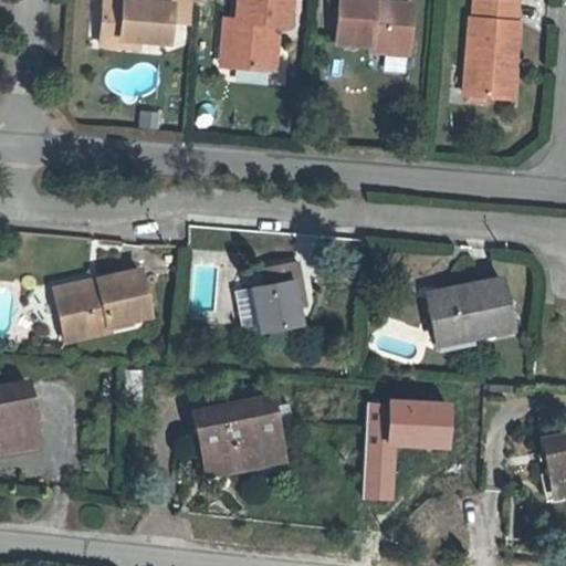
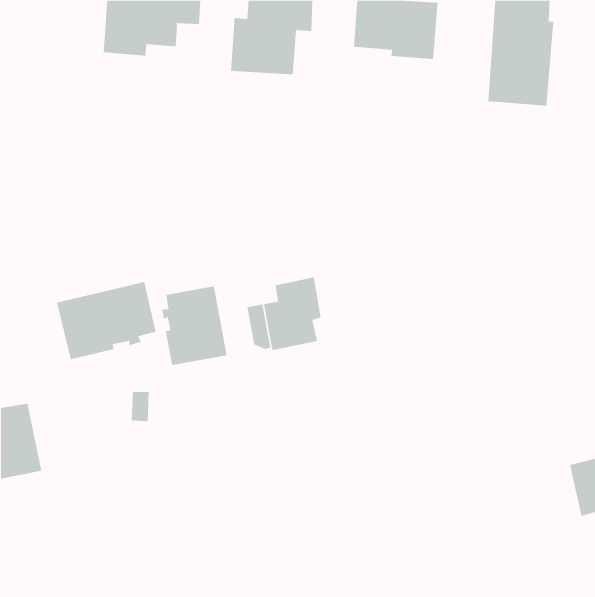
building: none -> [162,285,227,366]
building: [428,277,513,342] -> none
building: [193,397,283,474] -> none
building: [364,397,448,500] -> none

